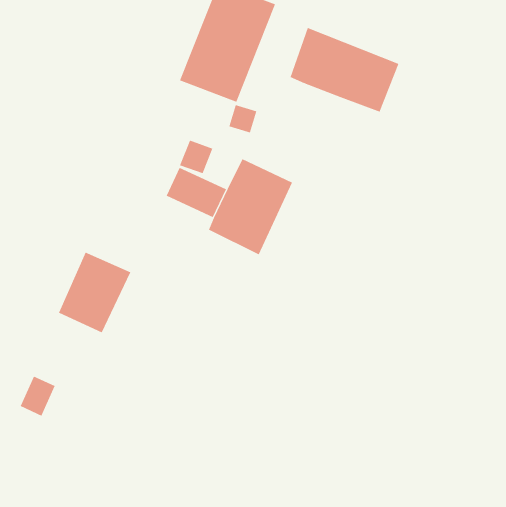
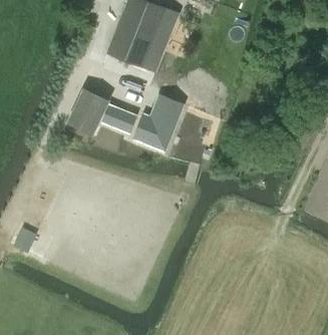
building: [290,27,399,113] -> none
building: [58,252,131,333] -> [68,87,111,135]

